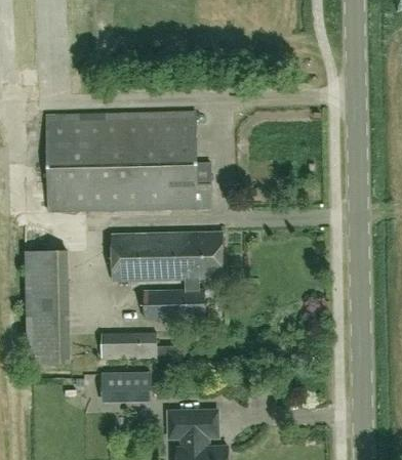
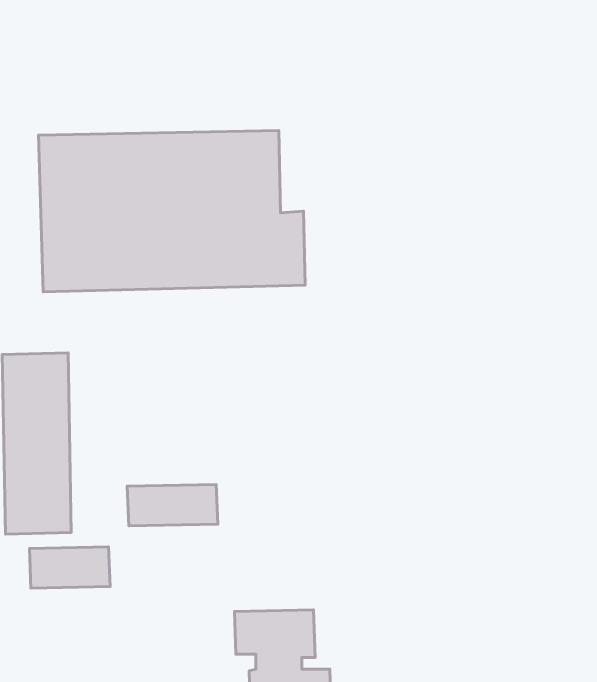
building: [112,231,224,319] -> none
building: [102,373,152,399] -> [29,547,110,588]

